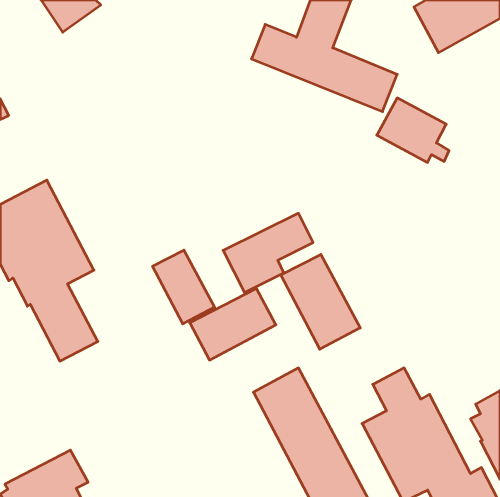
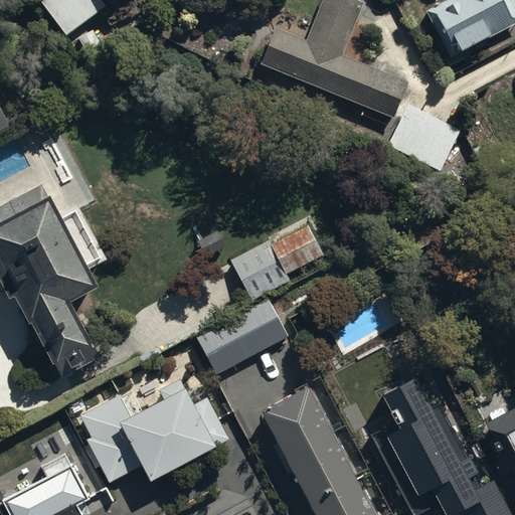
building: [153,250,215,324] -> none
building: [281,254,360,349] -> none
building: none -> [81,378,230,489]

